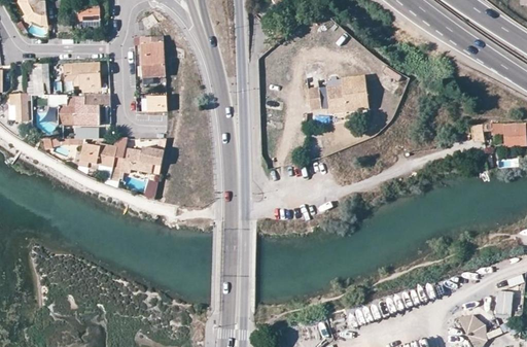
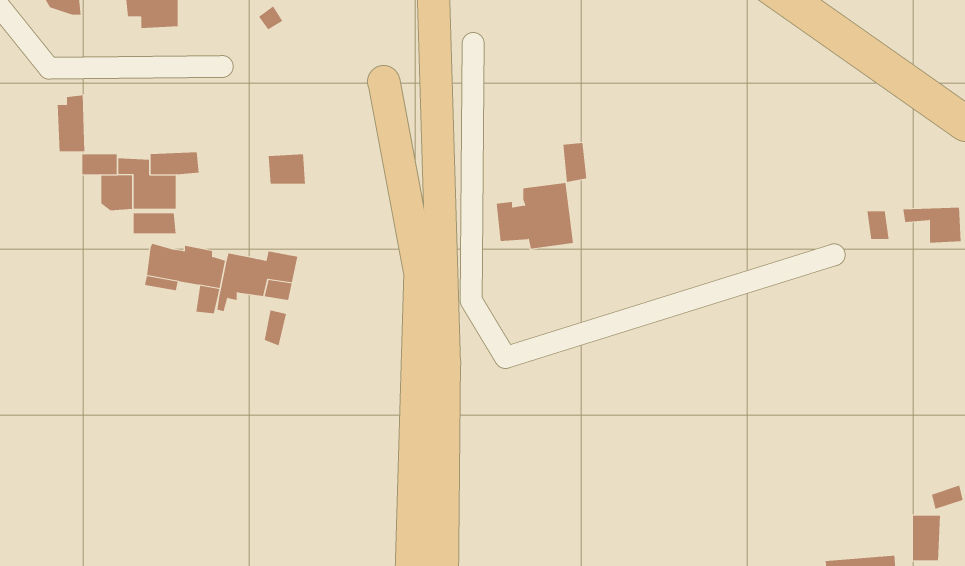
building: [141,43,166,76] -> none
building: [64,64,99,89] -> none
building: [326,76,368,112] -> [496,182,574,249]
building: [9,94,31,122] -> none

